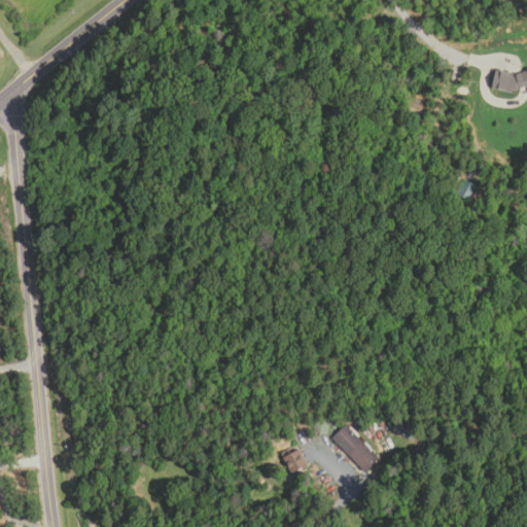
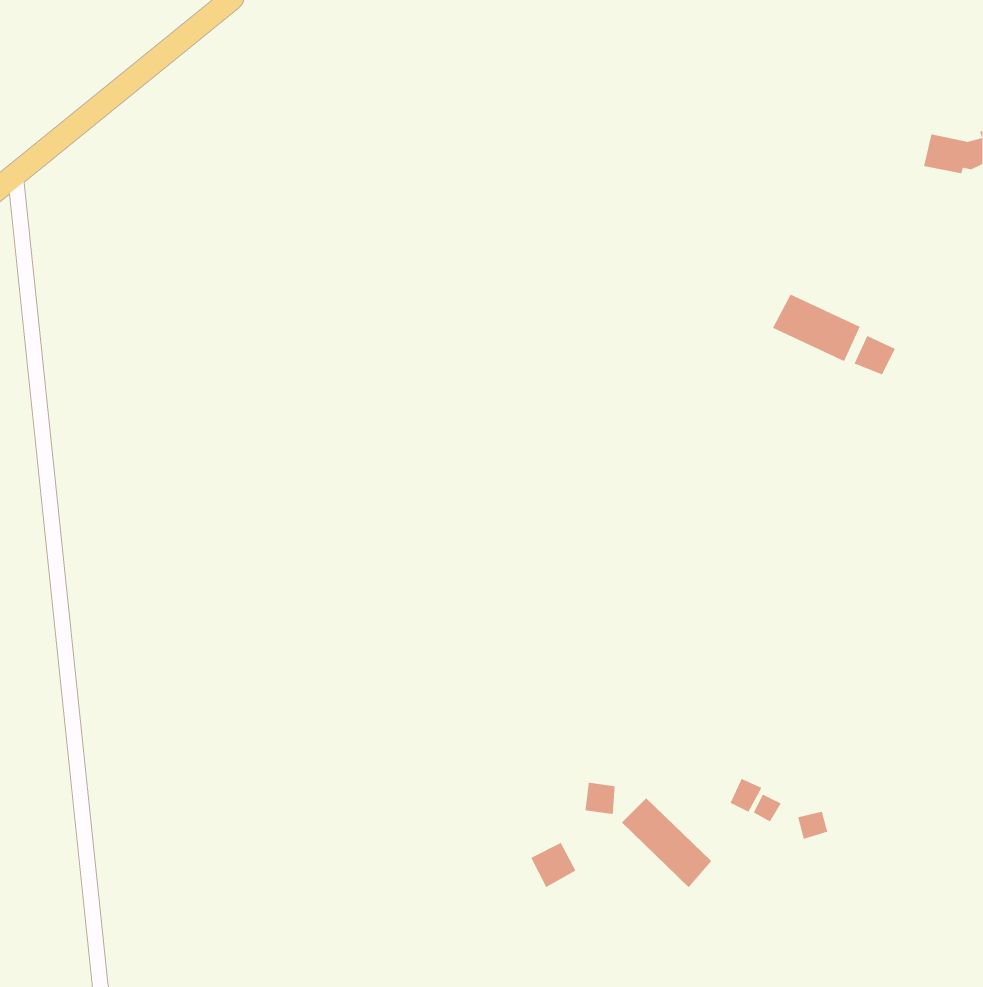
building: none -> [772,294,861,362]

